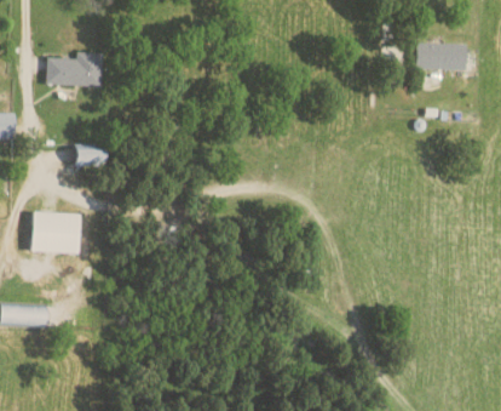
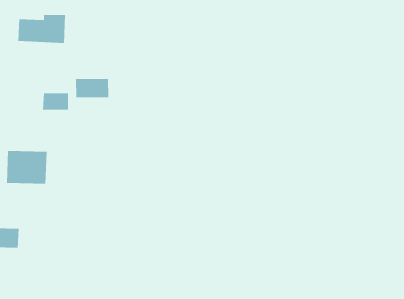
building: [415,42,466,69] -> none
building: none -> [76,78,109,98]

